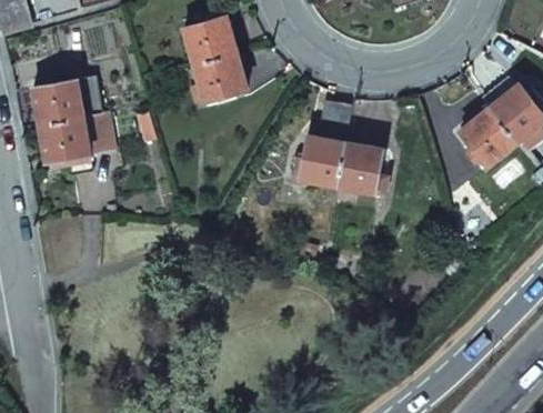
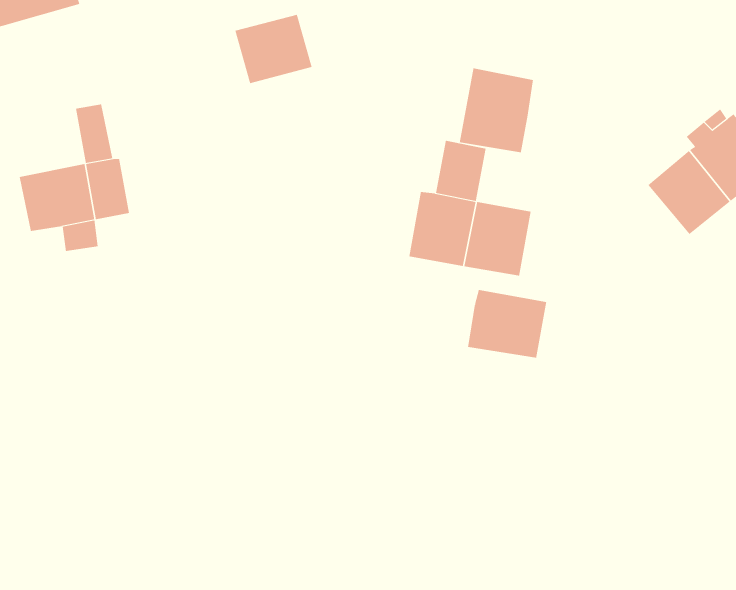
building: [192,53,245,101] -> none
building: none -> [459,67,533,153]
building: [31,81,82,127] -> none
building: none -> [468,289,547,358]

